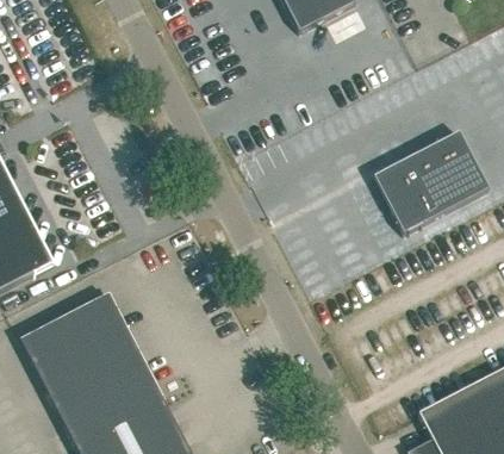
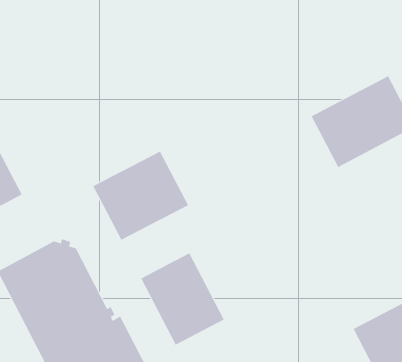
building: none -> [92,151,189,240]
building: none -> [141,253,225,346]

